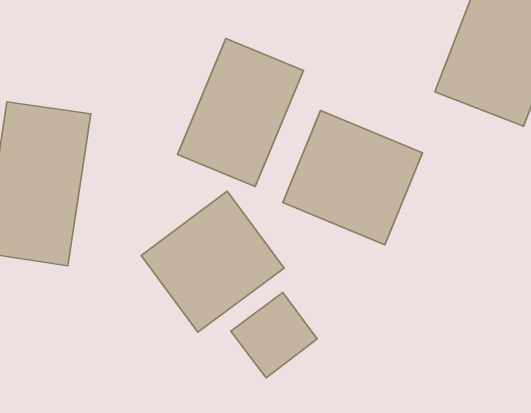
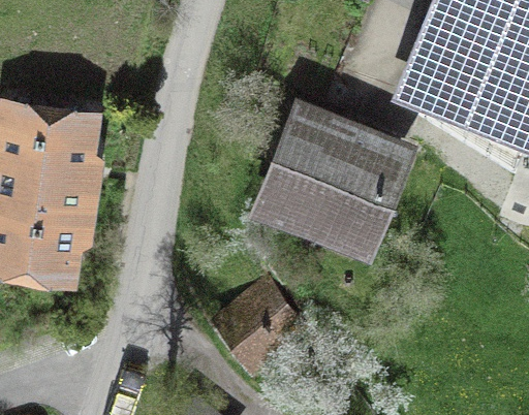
building: [178,38,303,186] -> none
building: [141,191,284,332] -> none

